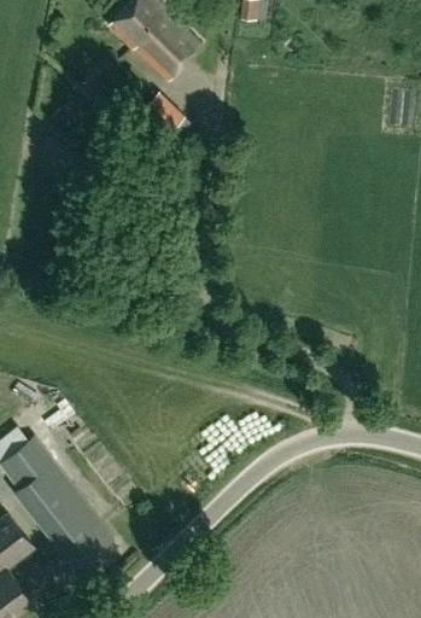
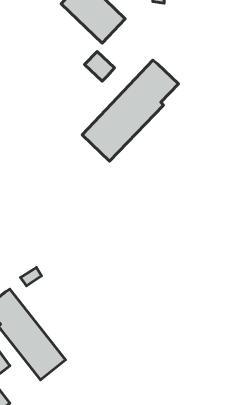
building: none -> [82,60,179,161]

